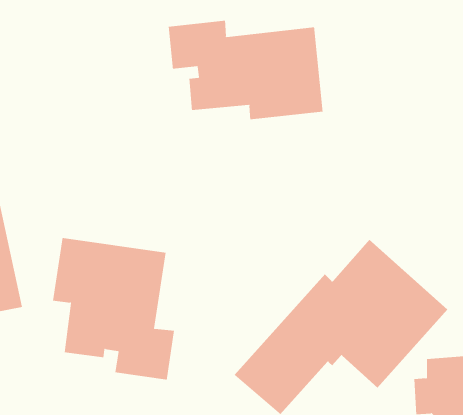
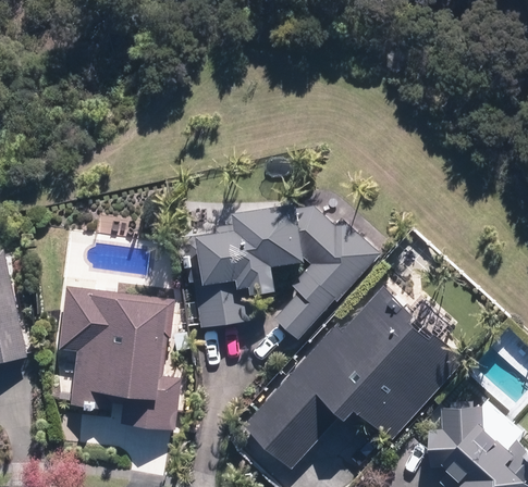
building: [168,20,323,120] -> none
building: none -> [183,203,378,341]

